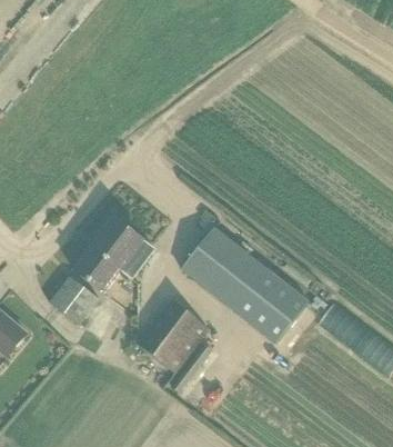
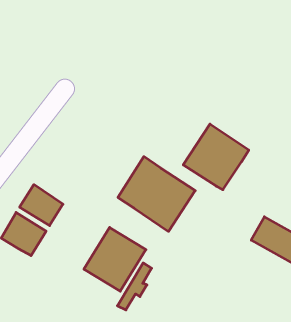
building: [90,215,154,276] -> none
building: [233,267,306,340] -> [183,124,249,190]

